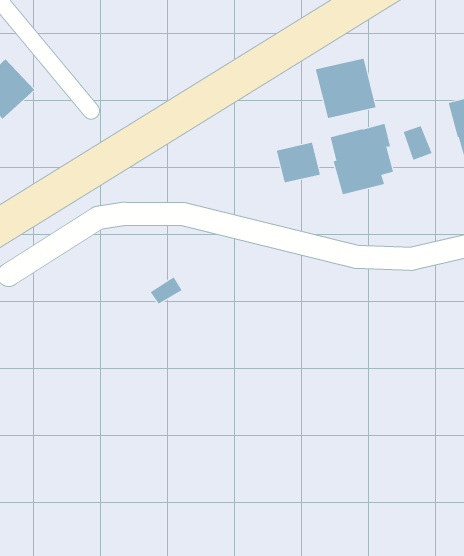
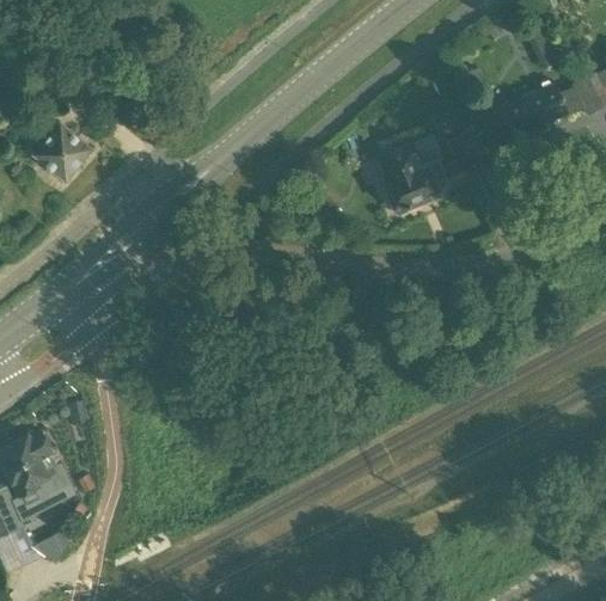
building: [315,58,376,119] -> none
building: [276,142,320,183] -> none

